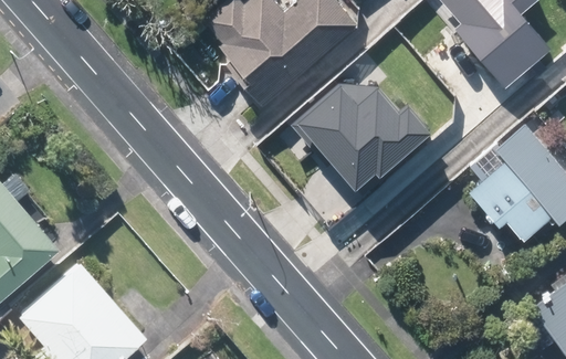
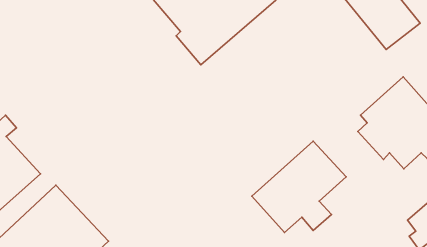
building: [289,81,424,193] -> none
building: none -> [252,141,346,232]

